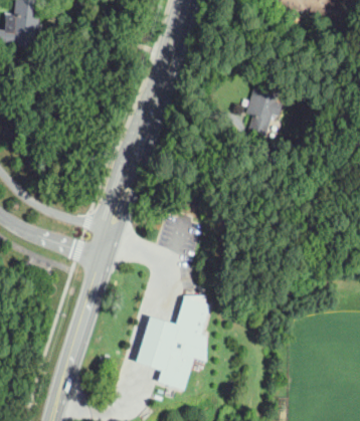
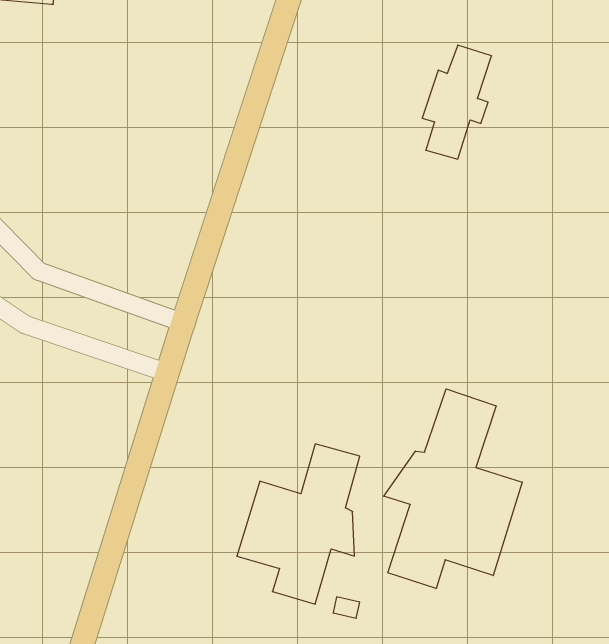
building: none -> [384,389,522,589]

